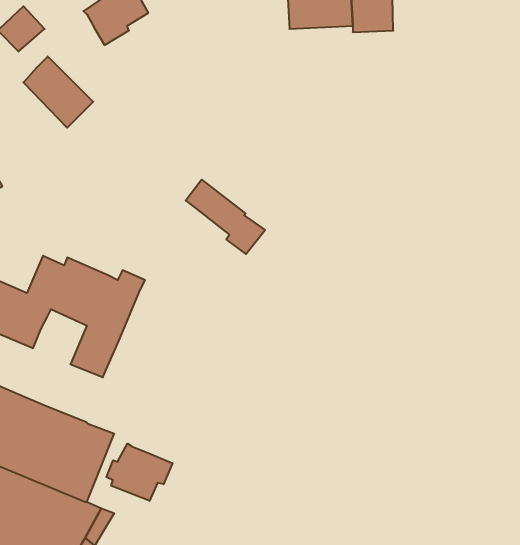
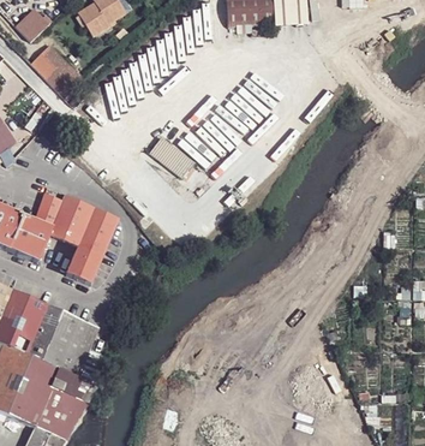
building: [106,444,173,501] -> none

